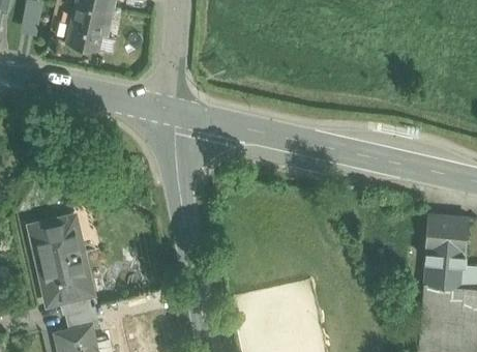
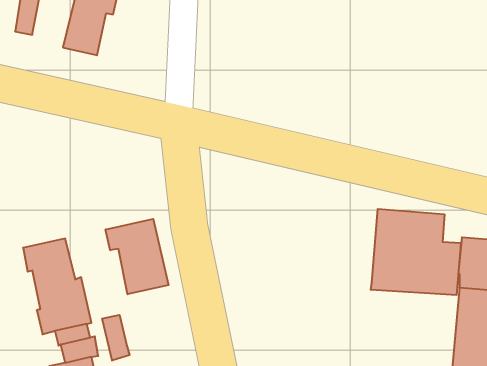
building: none -> [371,209,461,295]
building: none -> [106,219,169,294]
building: none -> [102,315,130,361]

